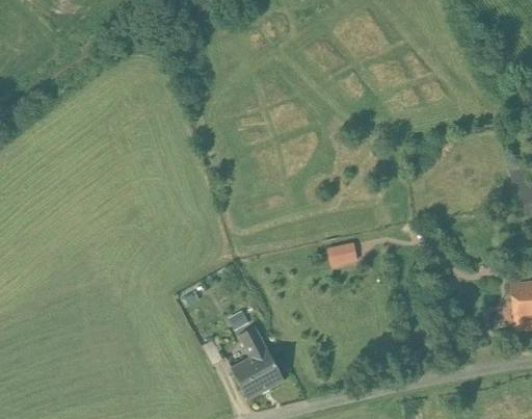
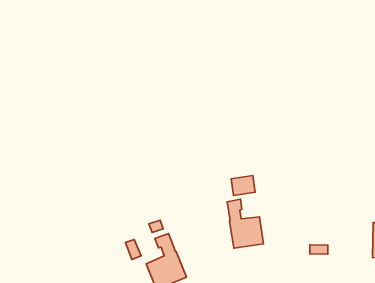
building: none -> [227,199,264,248]

